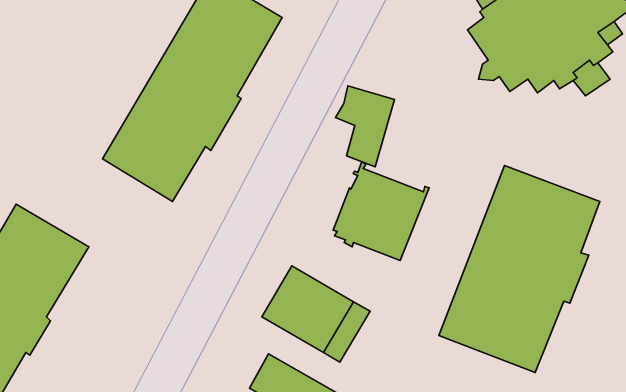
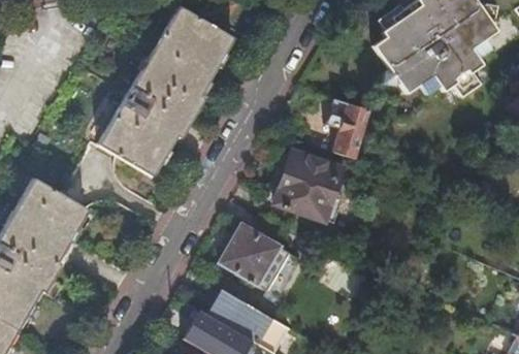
building: [336,86,394,167] -> [324,98,368,159]
building: [439,166,600,373] -> none

